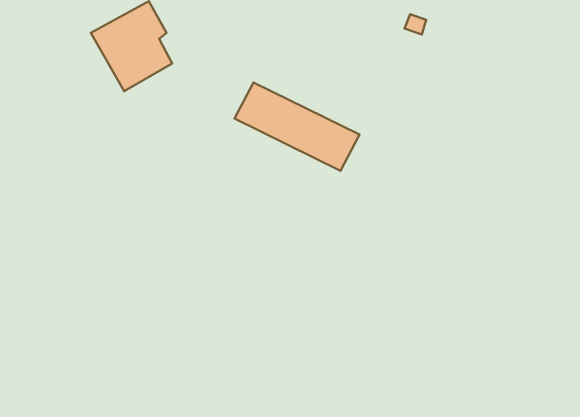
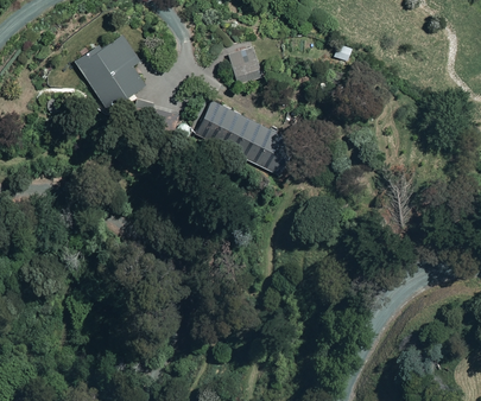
building: none -> [226,45,261,85]

